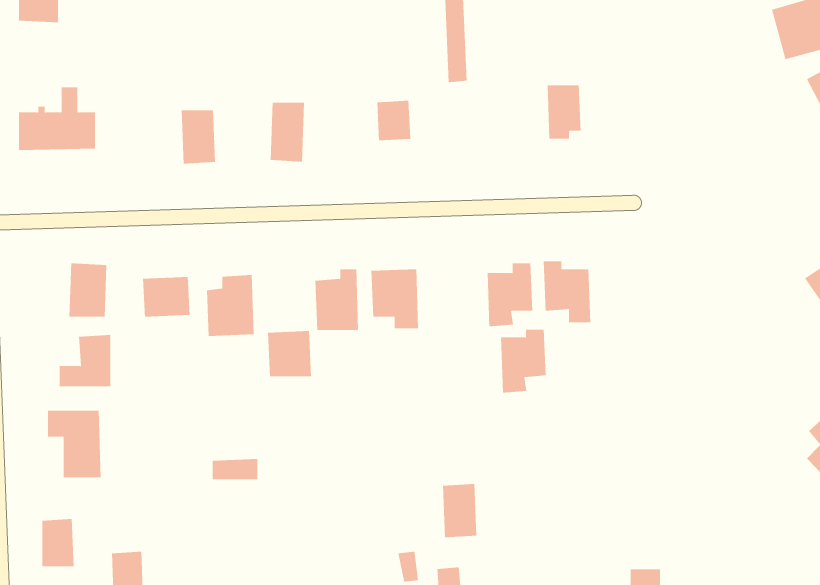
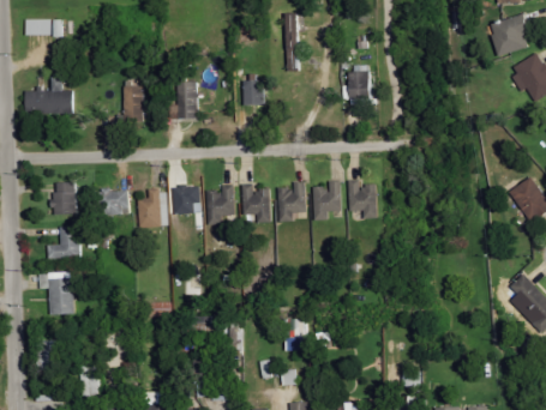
building: [500,329,547,393] -> [276,182,305,222]
building: [267,330,312,377] -> [173,185,200,213]

